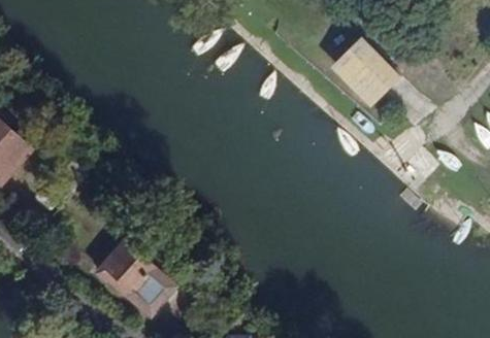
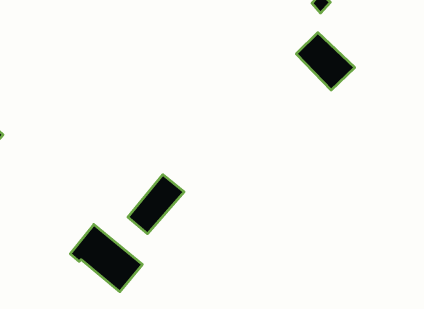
building: none -> [128,175,184,234]

